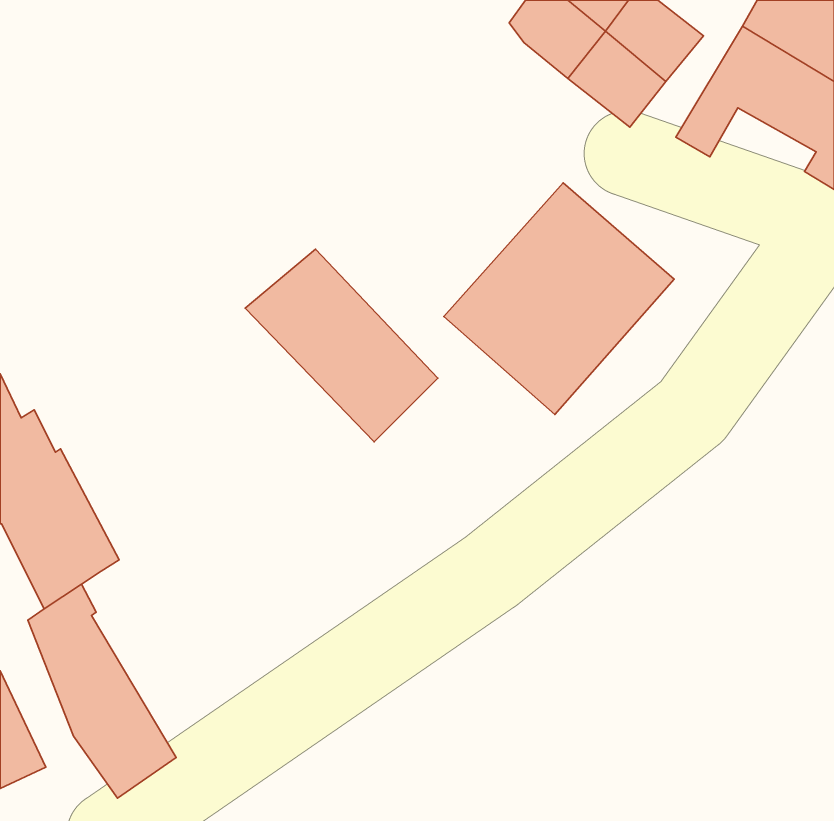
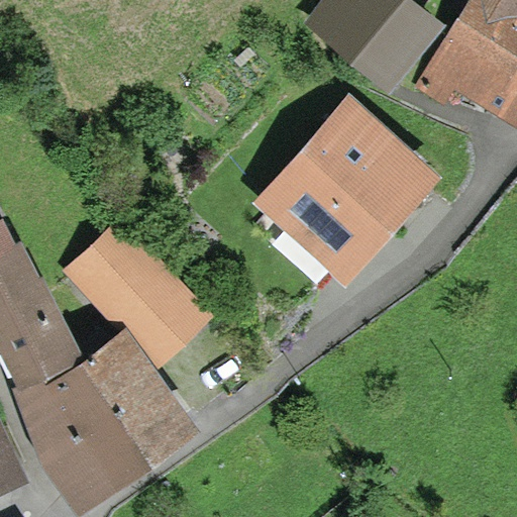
building: [245,249,438,442] -> [78,239,197,358]
building: none -> [50,334,177,477]

